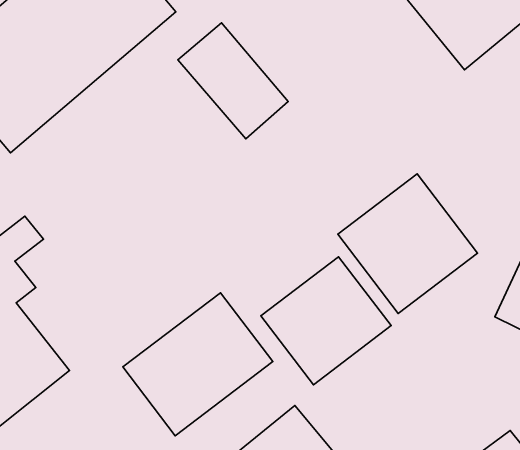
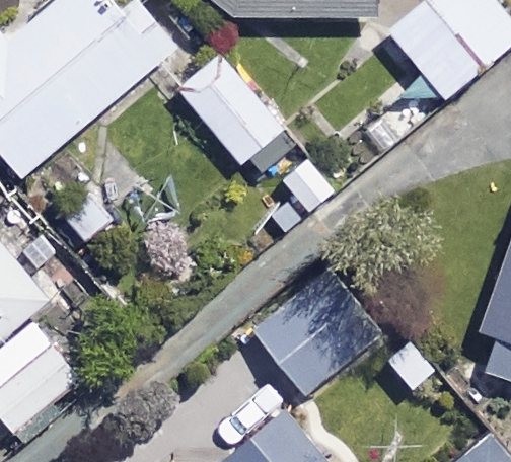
building: [338,174,477,313] -> none
building: [123,293,273,436] -> none

